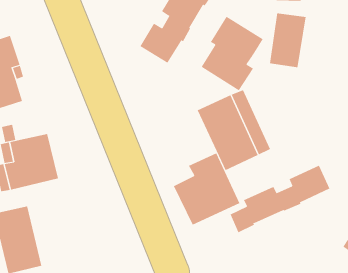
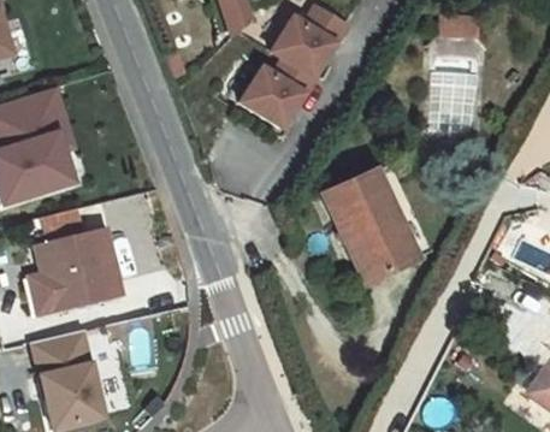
building: [201,16,263,91] -> none
building: [173,153,240,226] -> none
building: [230,165,330,233] -> none

